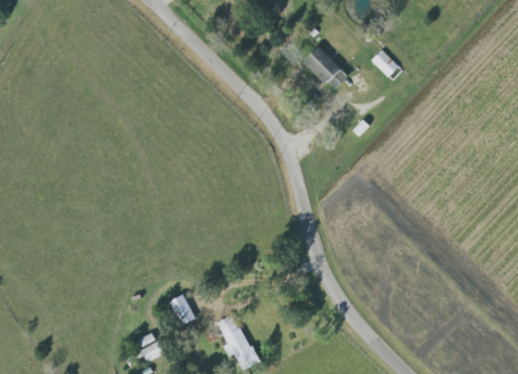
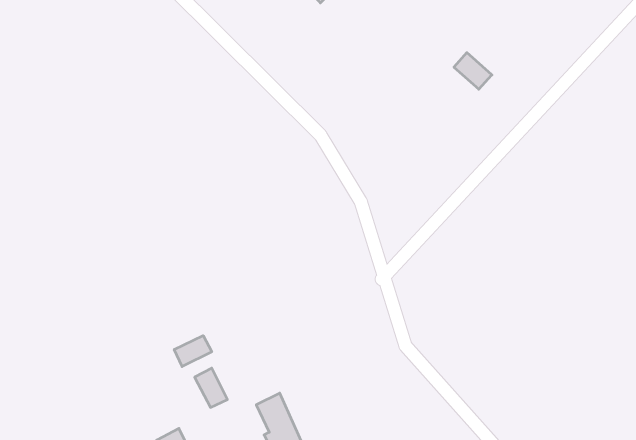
building: [305,46,349,91] -> none
building: none -> [174,336,212,367]

